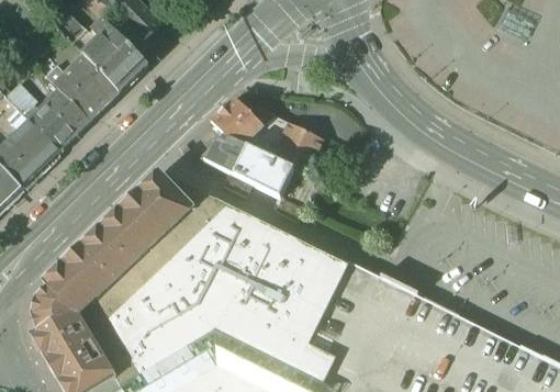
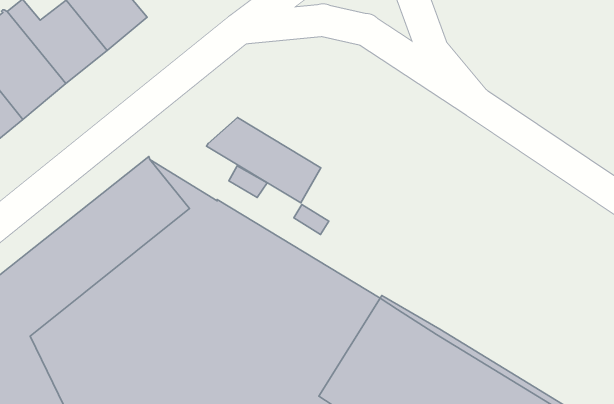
building: [210,98,327,175] -> none

